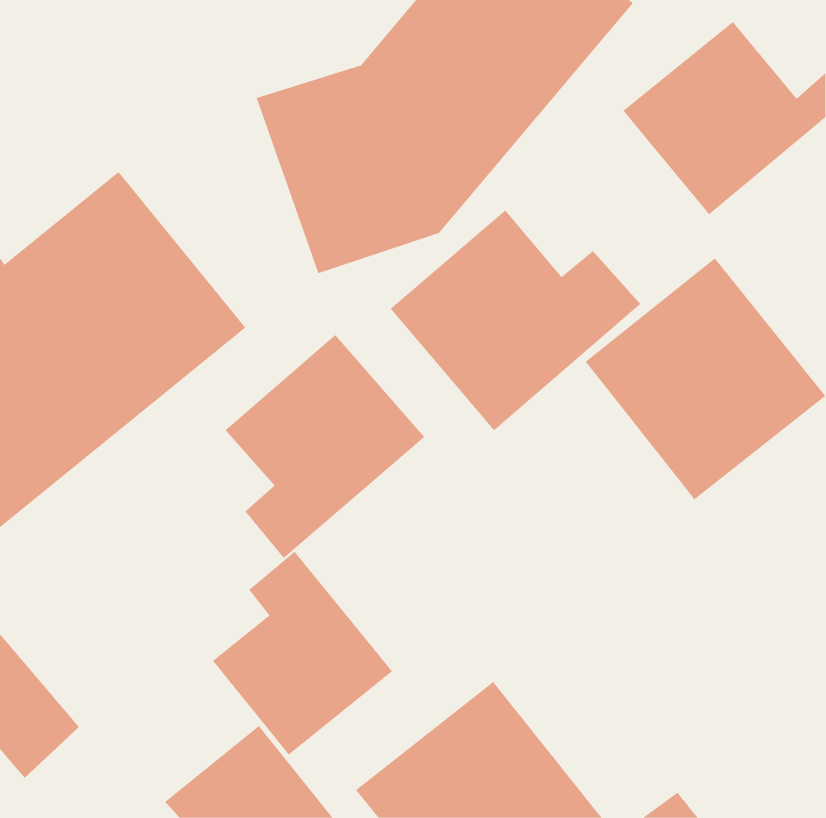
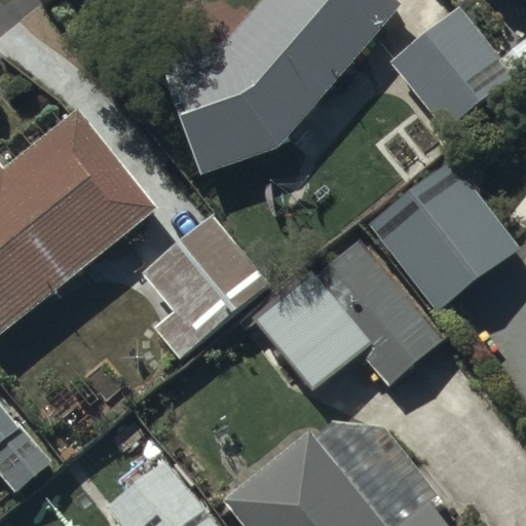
building: [390,209,641,431] -> none
building: none -> [228,238,446,410]
building: [212,551,393,755] -> none

